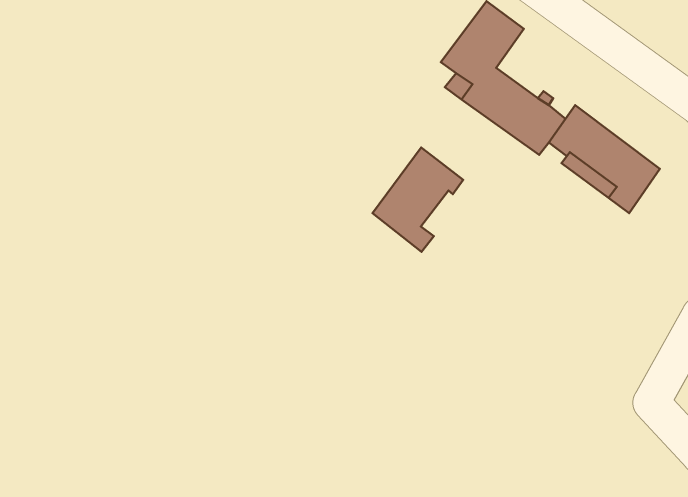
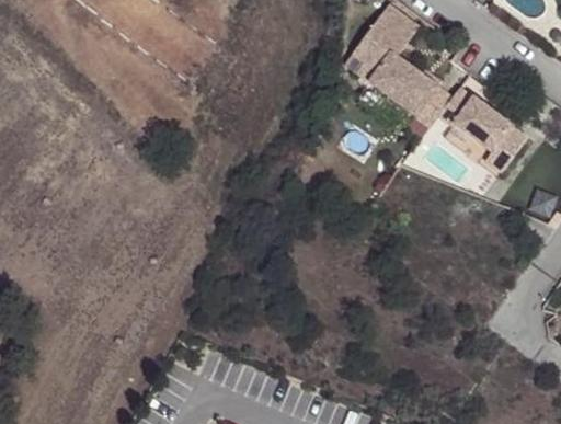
building: [372,147,463,252] -> none

